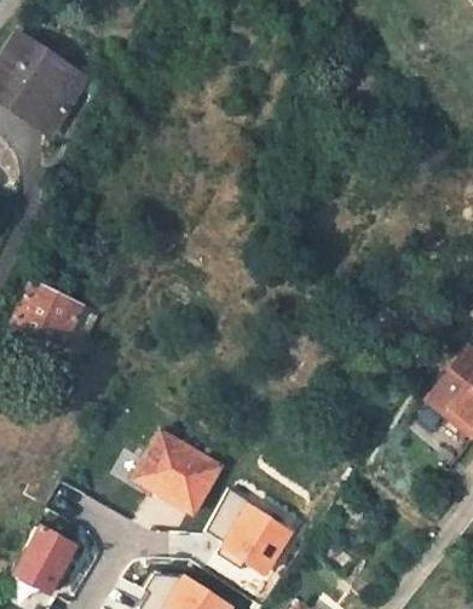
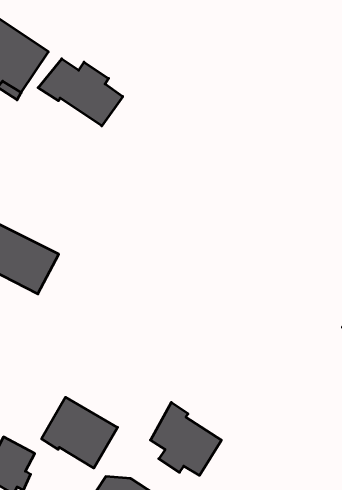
building: none -> [38,59,123,126]
building: [131,430,219,512] -> [42,397,118,468]

